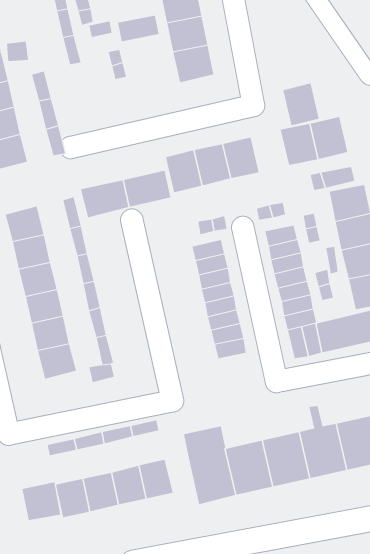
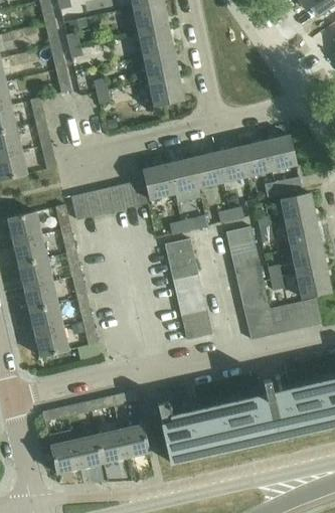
building: [118,15,159,42] -> none
building: [283,83,320,126] -> [214,146,245,182]
building: [22,482,61,521] -> none

